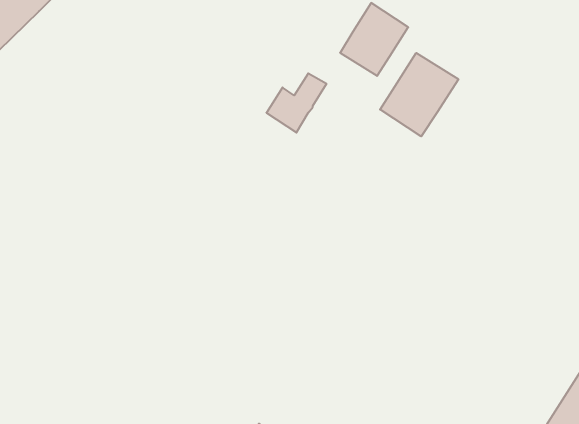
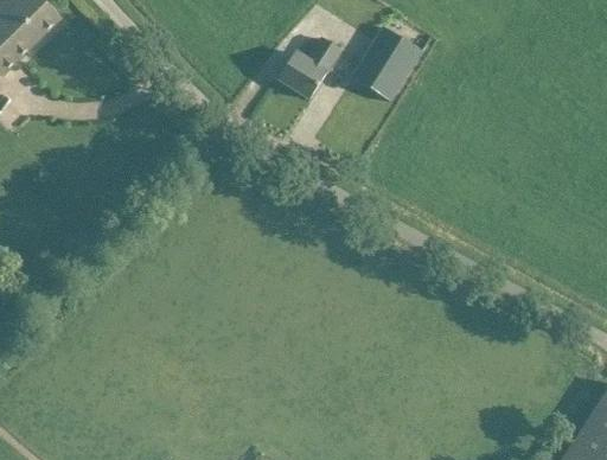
building: [380,53,458,136] -> none
building: [266,73,327,133] -> [280,38,341,98]

